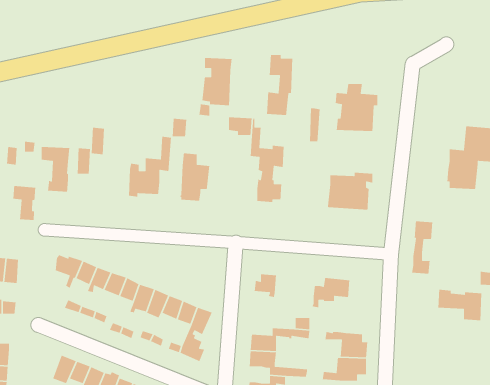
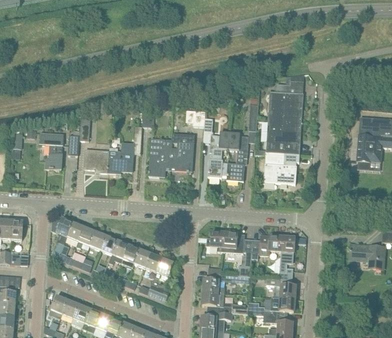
building: [266,54,293,116] -> [227,132,248,180]
building: [202,57,232,106] -> [170,132,194,170]
building: none -> [265,120,300,155]
building: none -> [84,145,110,171]
building: [13,185,36,221] -> none
building: [411,220,433,274] -> [278,236,295,278]
building: none -> [222,232,253,254]

